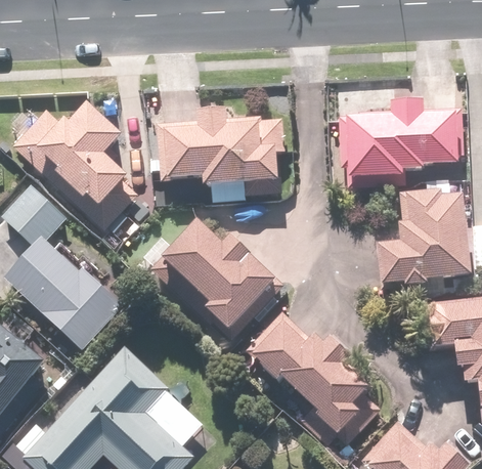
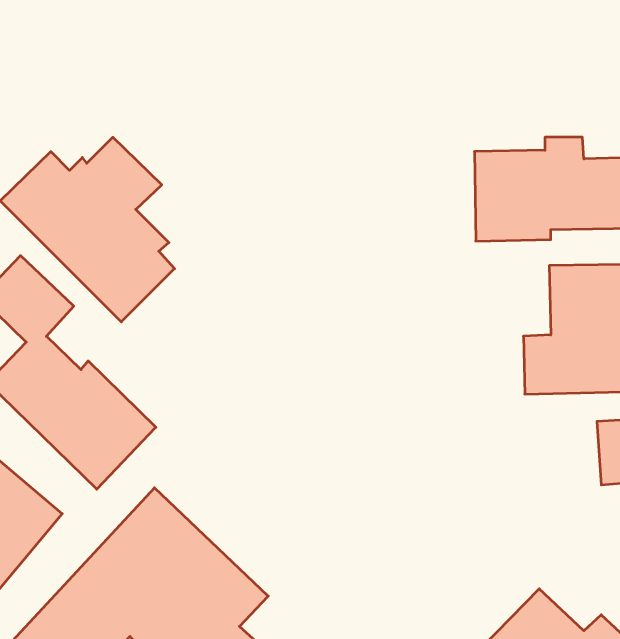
building: [155,104,282,180] -> none
building: [155,217,286,343] -> none
building: [247,311,378,444] -> none

